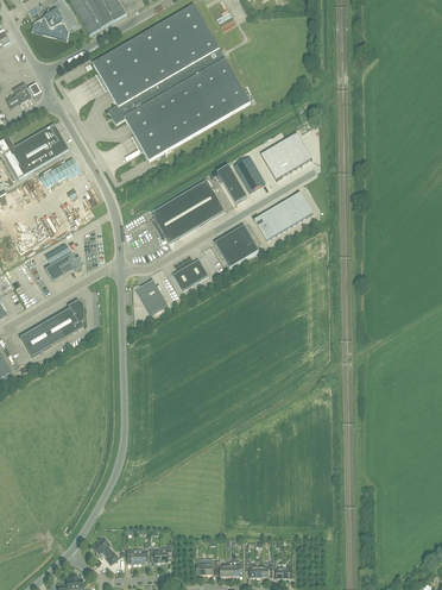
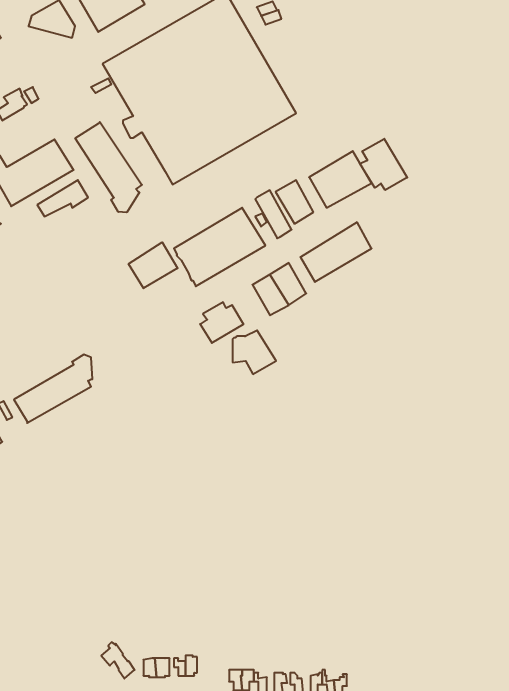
building: none -> [75,122,142,212]
building: none -> [360,139,407,190]
building: none -> [129,242,178,288]
building: [45,251,81,280] -> none
building: [133,278,169,314] -> [233,330,276,374]

